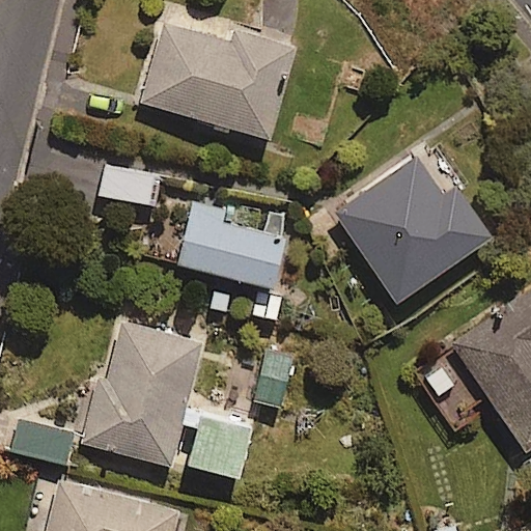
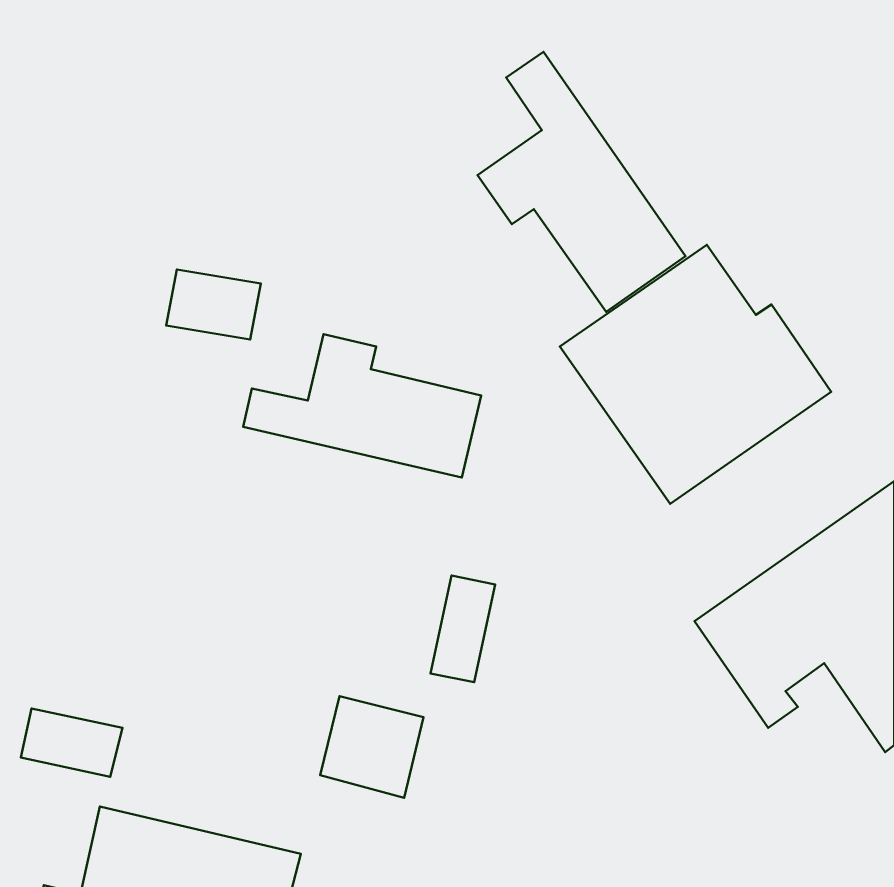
building: [141,10,296,139] -> none
building: none -> [478,52,685,312]
building: [91,324,202,466] -> none

